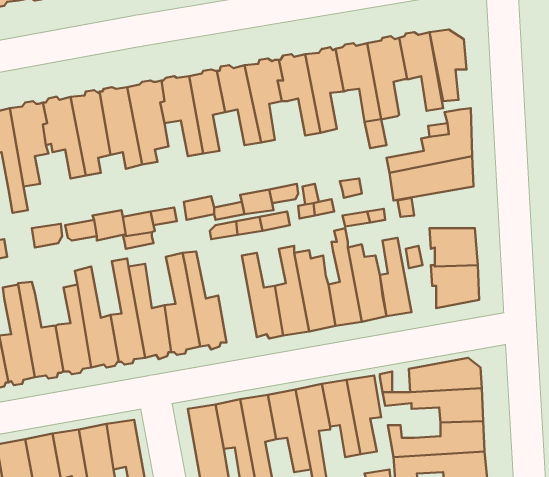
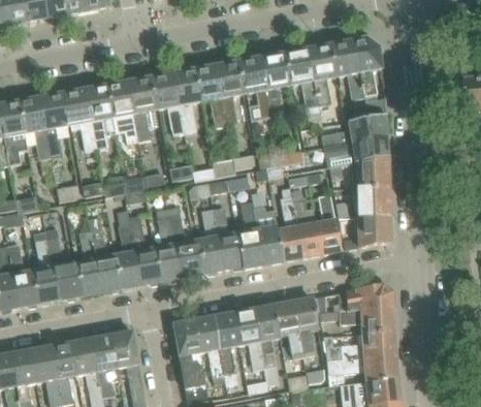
building: none -> [354,156,388,187]
building: none -> [196,208,225,274]

